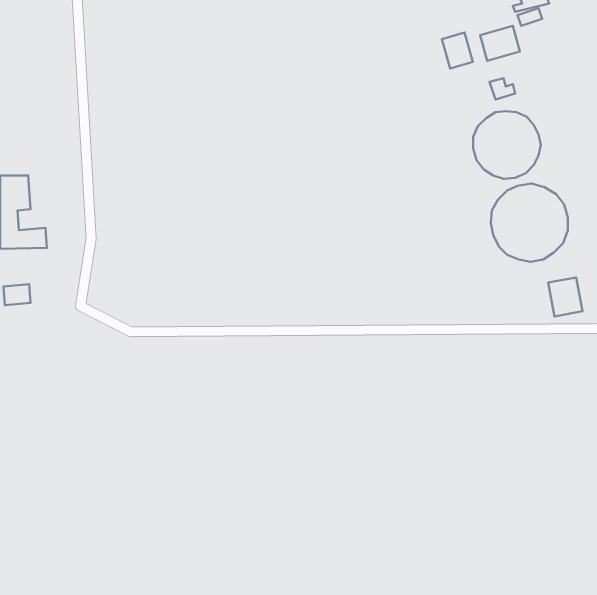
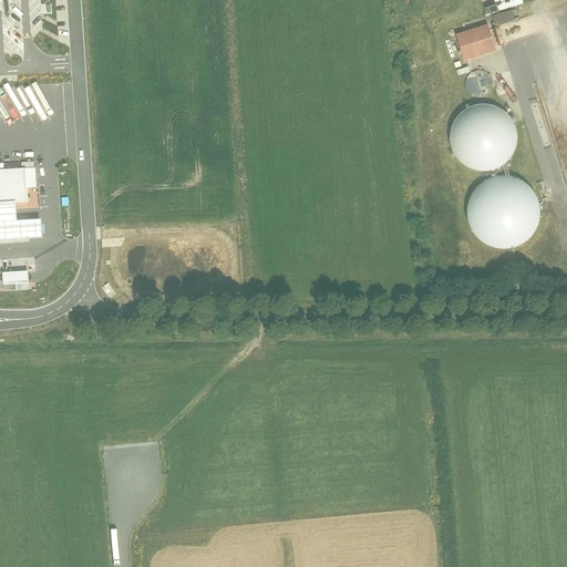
building: [442,33,473,69] -> none
building: [548,278,582,316] -> none

